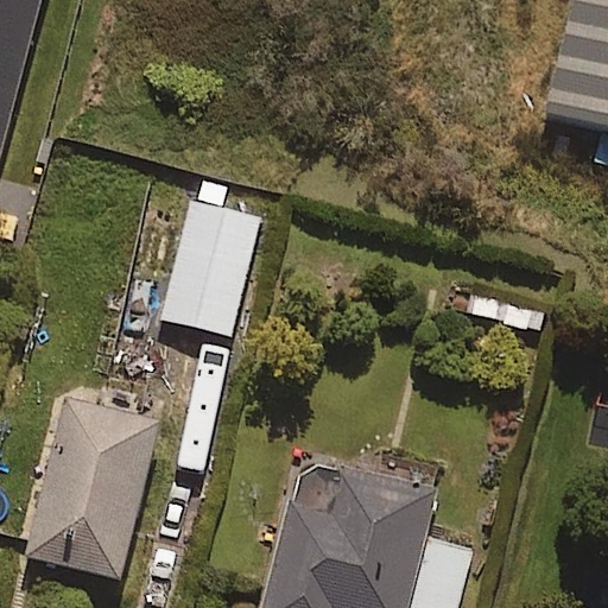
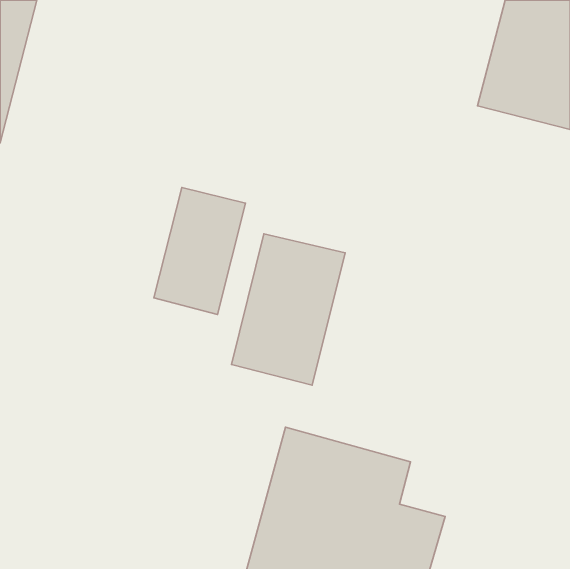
building: none -> [231,234,345,385]
building: [24,394,162,576] -> none

